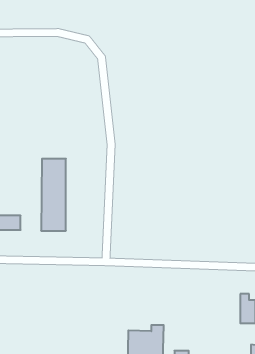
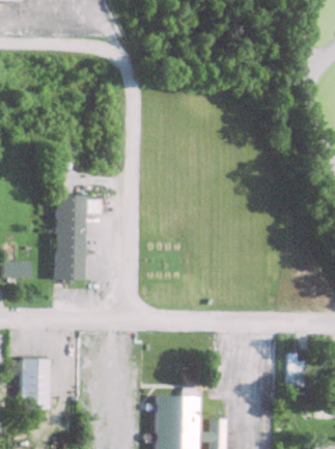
building: none -> [22,359,49,409]

